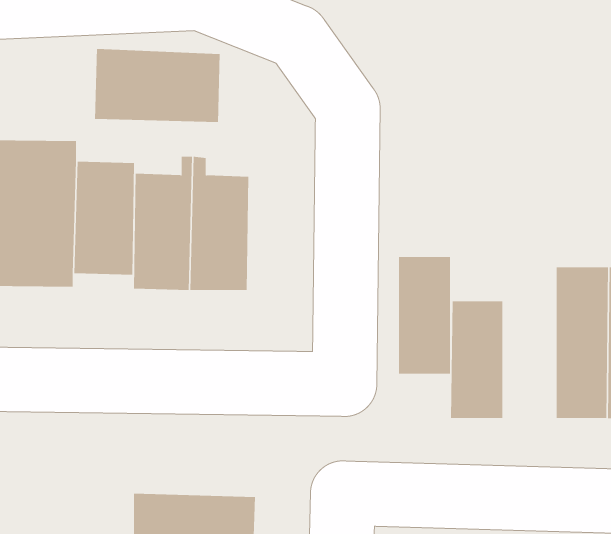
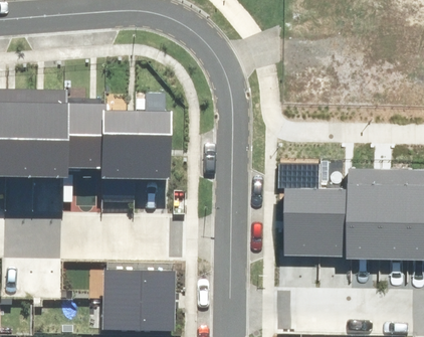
building: [95,48,220,123] -> none
building: [398,257,451,374] -> [319,186,350,256]
building: none -> [100,271,174,302]

